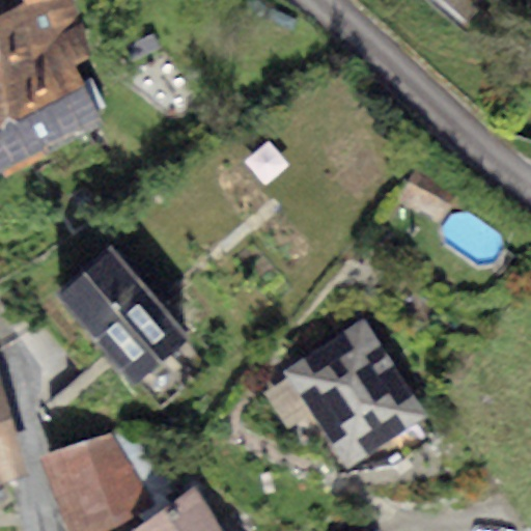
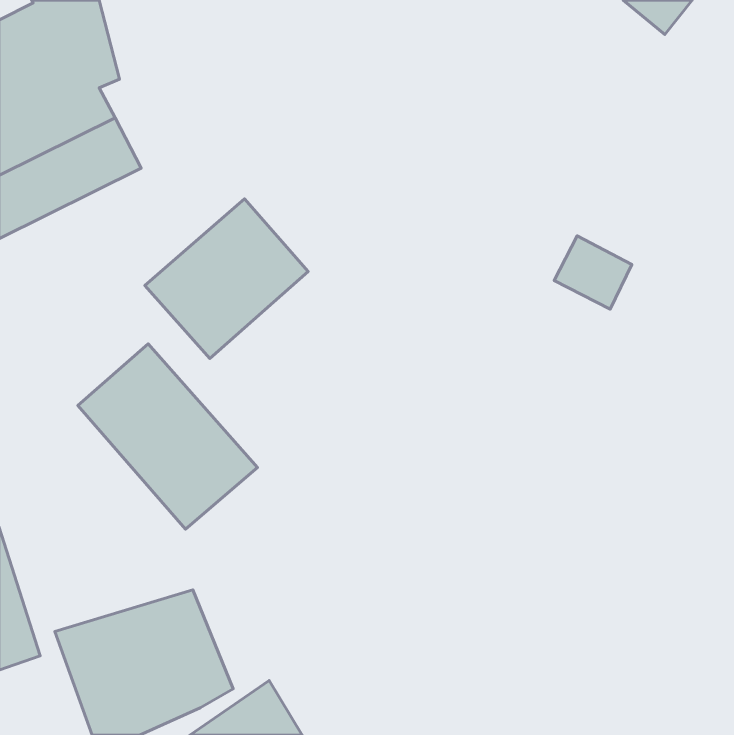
building: none -> [145,199,308,358]
building: [281,318,425,467] -> none

